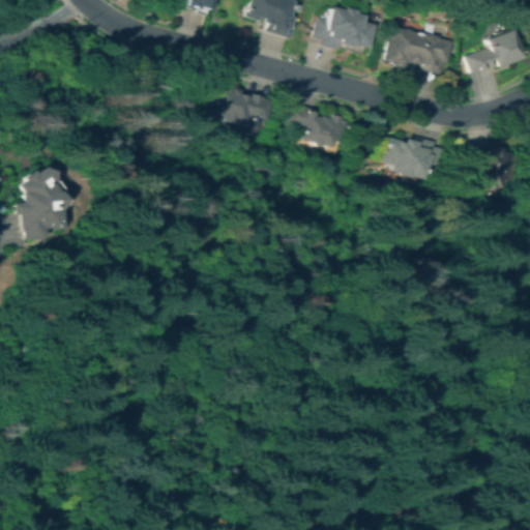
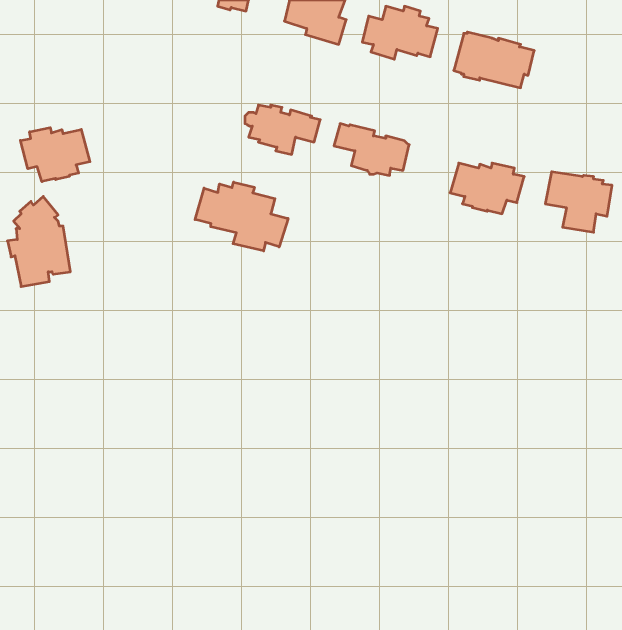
building: [466,30,523,75] -> none
building: none -> [20,128,90,182]
building: none -> [195,182,288,251]

